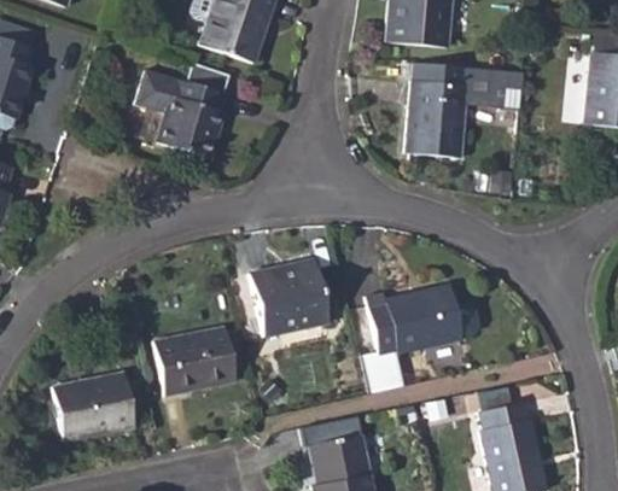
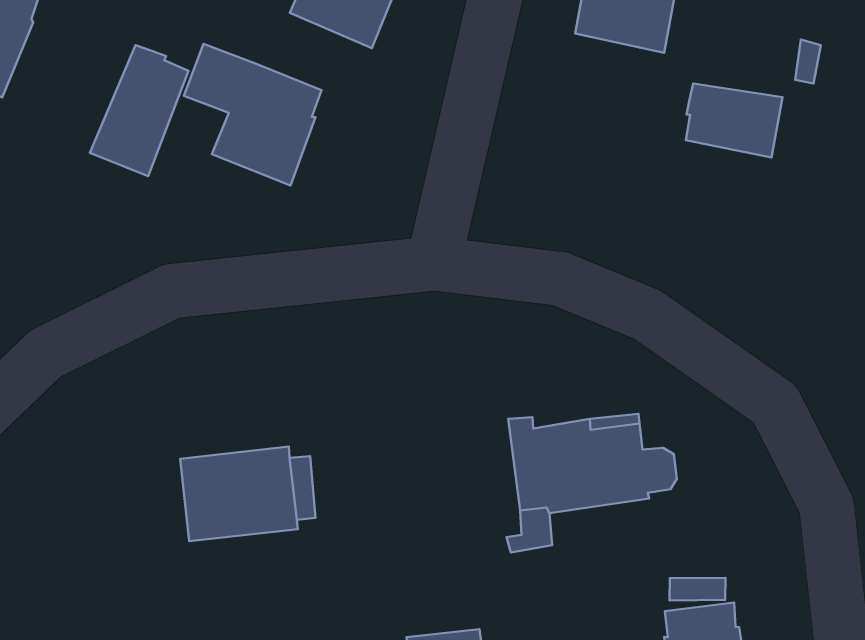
building: [404,62,465,158] -> none
building: none -> [90,45,189,176]
building: [249,259,326,337] -> none
building: [51,372,133,440] -> none

